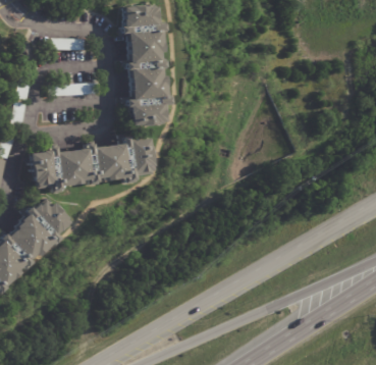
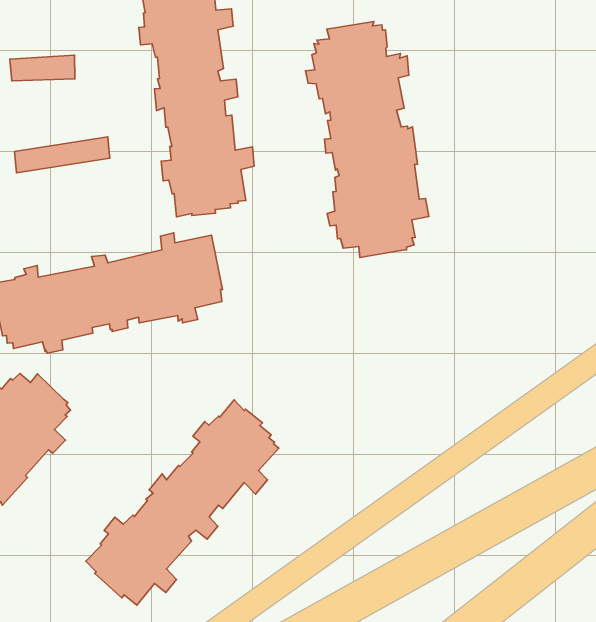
building: none -> [305,21,429,258]
building: none -> [86,400,279,605]

